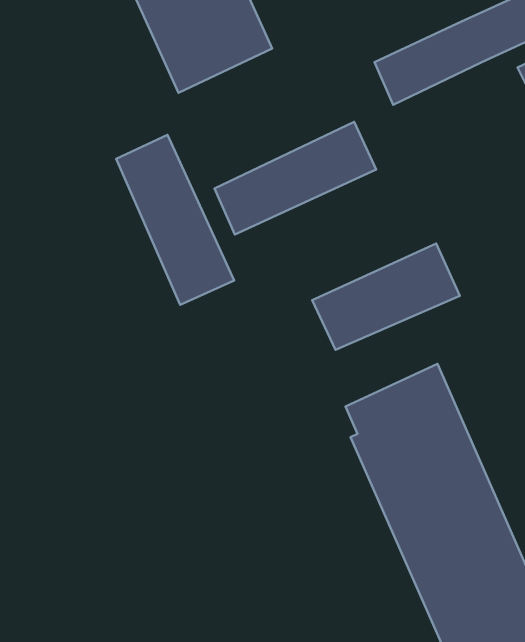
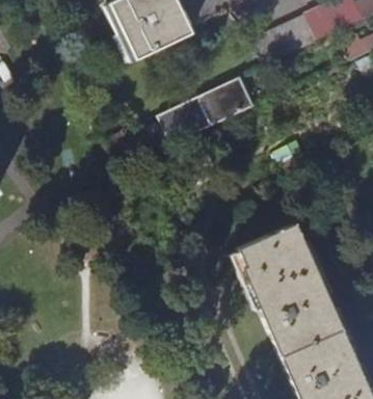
building: [116,135,234,305] -> none
building: [312,243,460,350] -> none

